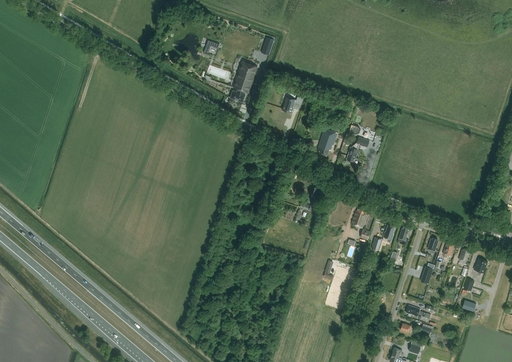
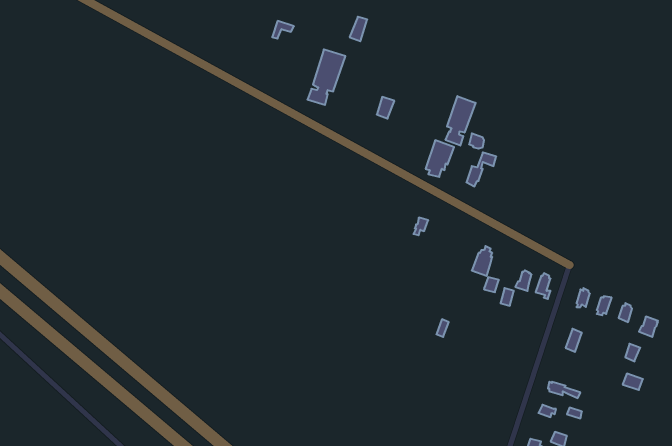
building: none -> [446,96,476,146]

